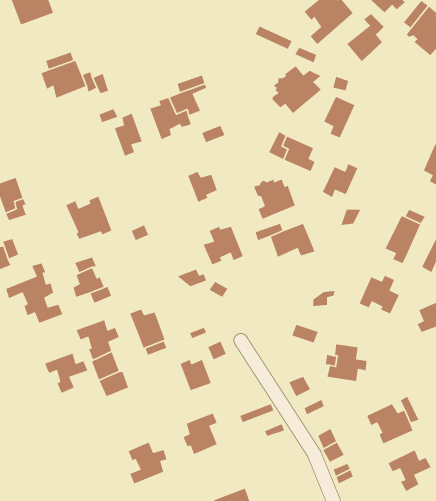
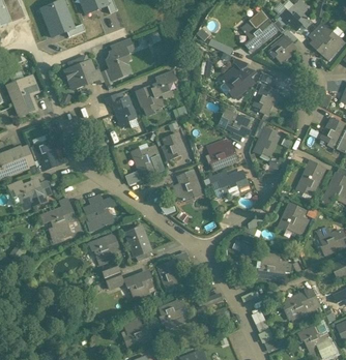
building: none -> [105,37,132,79]
building: [65,196,113,240] -> [129,145,162,175]
building: [44,353,89,394] -> [122,272,152,300]

